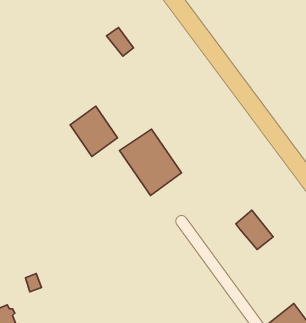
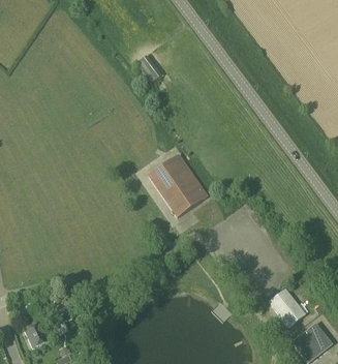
building: [70,106,118,156] -> none
building: [236,210,273,250] -> [269,289,305,327]

